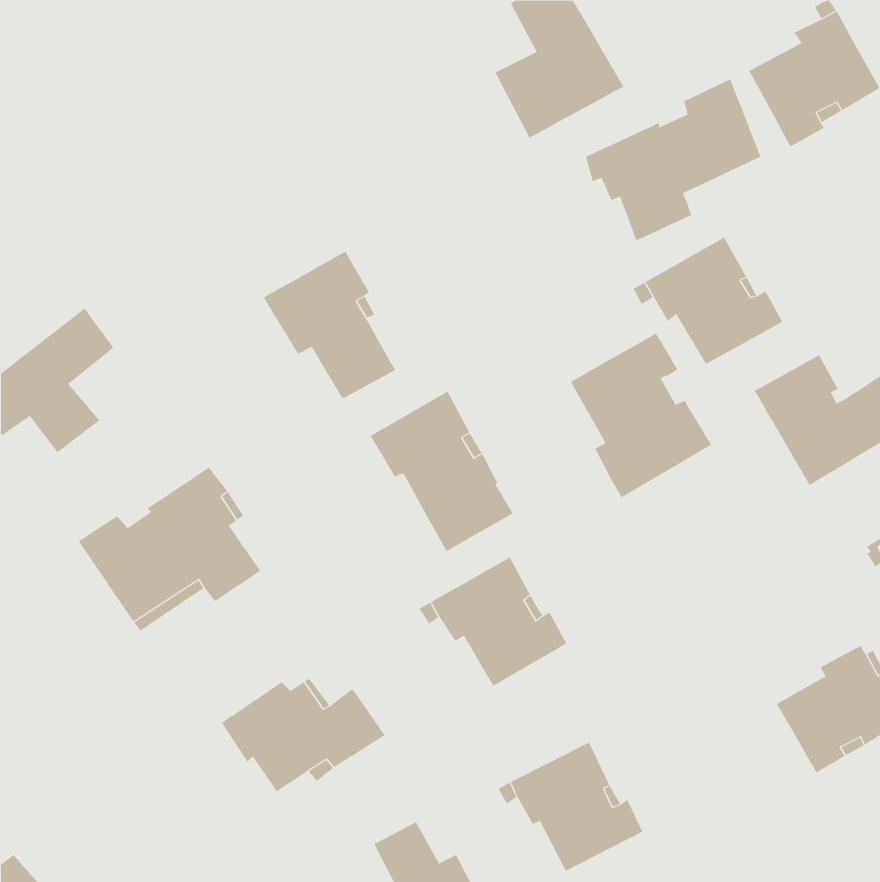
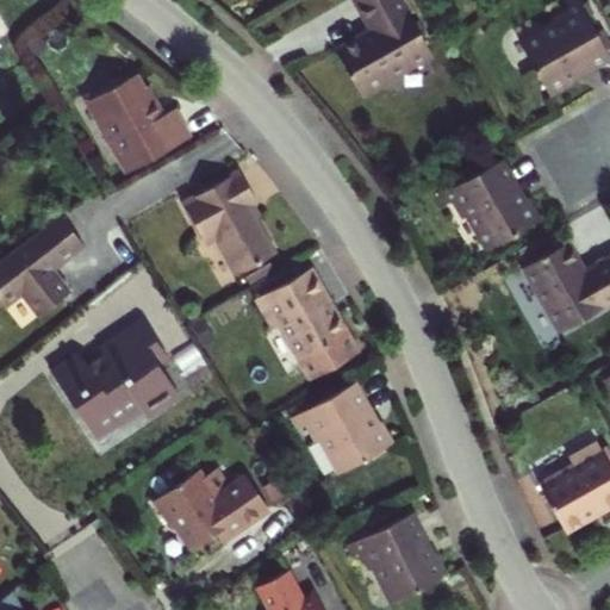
building: [585,79,761,241] -> none
building: none -> [92,76,192,173]
building: [570,333,712,498] -> none

